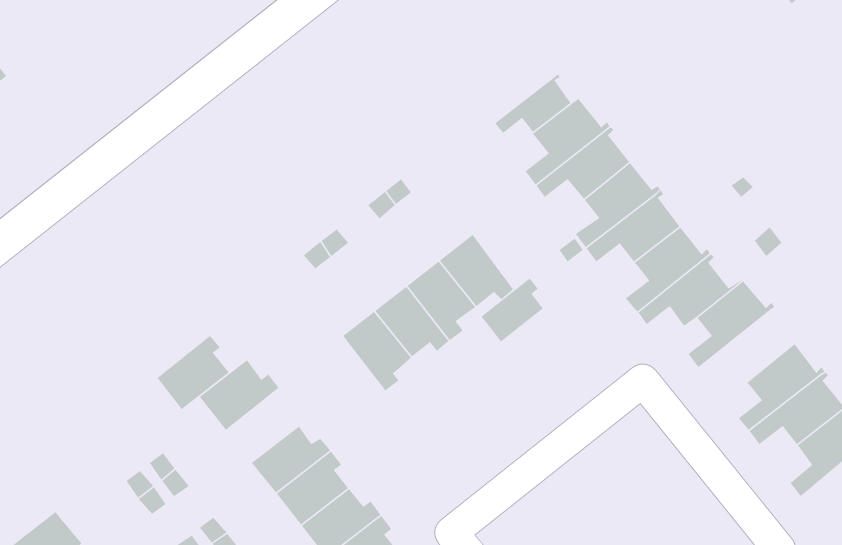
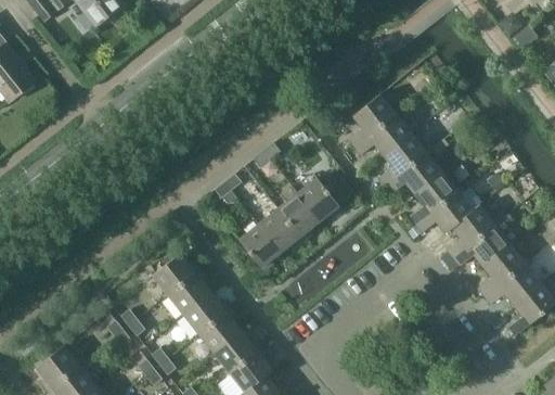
building: [494,74,571,134] -> none
building: [480,278,544,342] -> none
building: none -> [453,221,512,267]
building: [157,335,230,410] -> [167,270,211,316]

